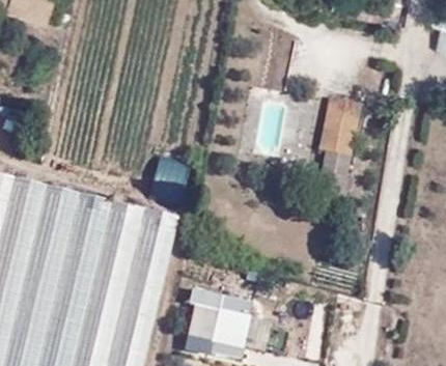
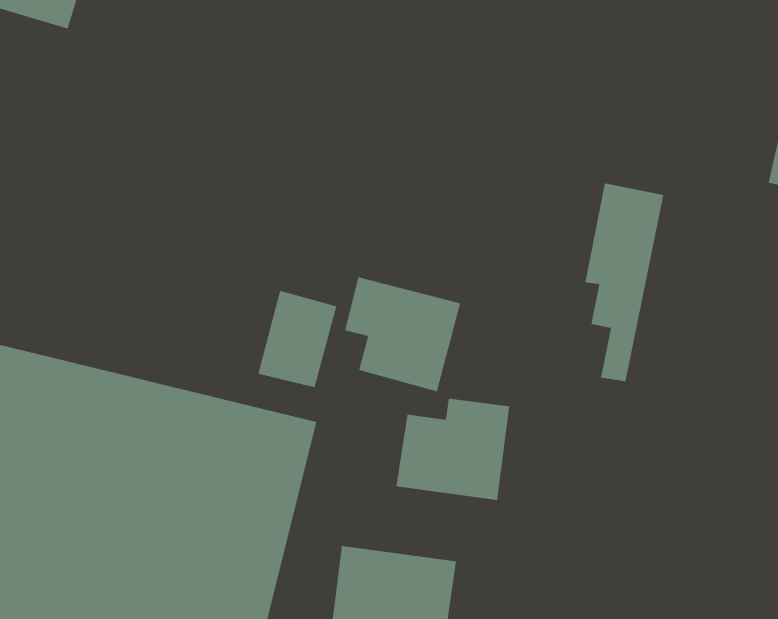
building: none -> [344,277,461,392]
building: none -> [396,398,510,501]

